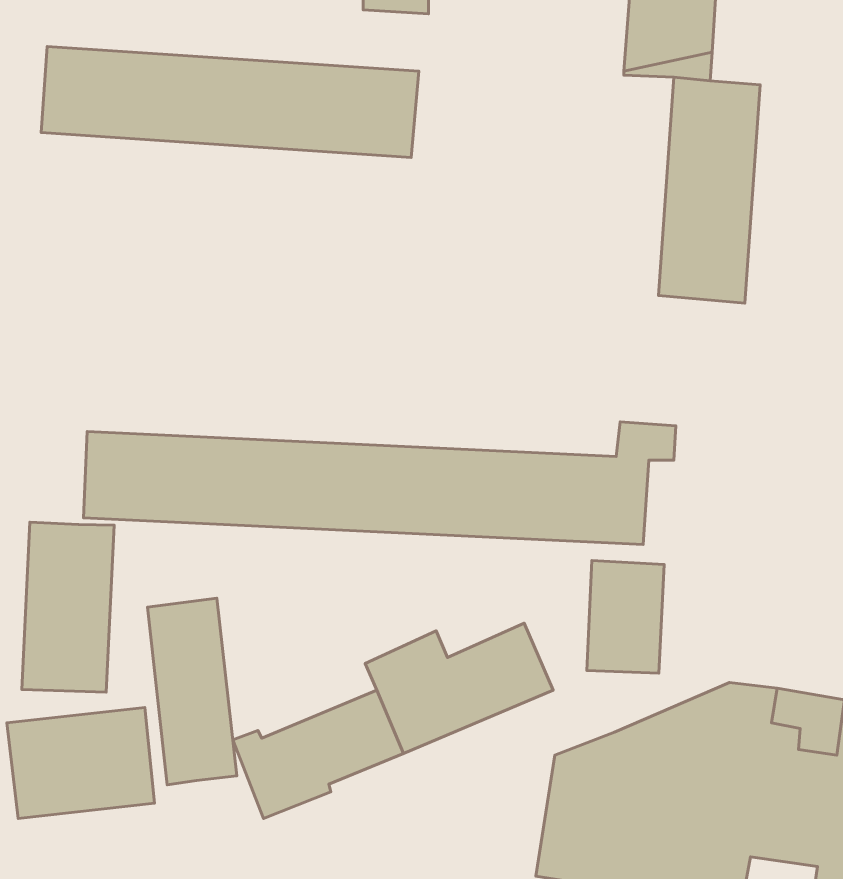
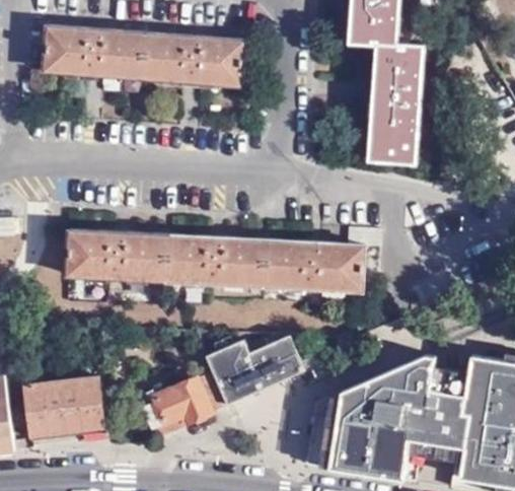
building: [22,522,114,692] -> none
building: [587,560,664,673] -> none
building: [147,598,237,785] -> none

